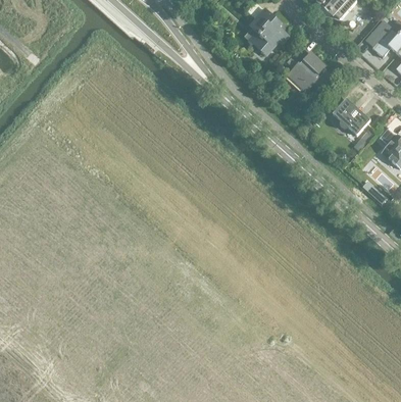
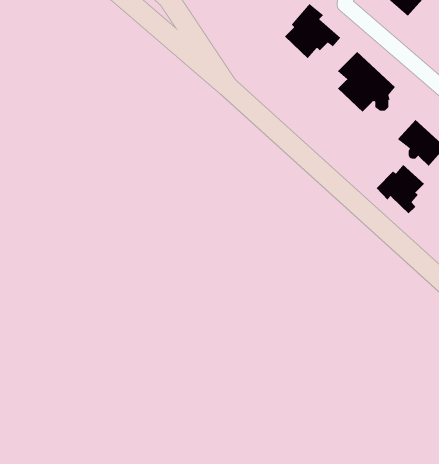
building: none -> [376,164,425,214]

